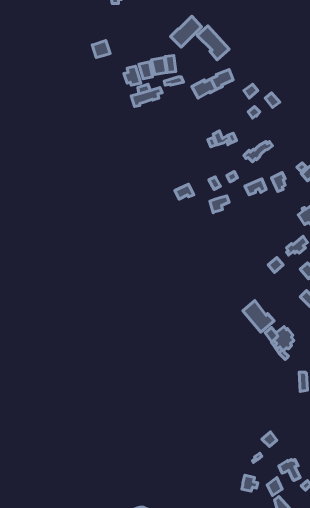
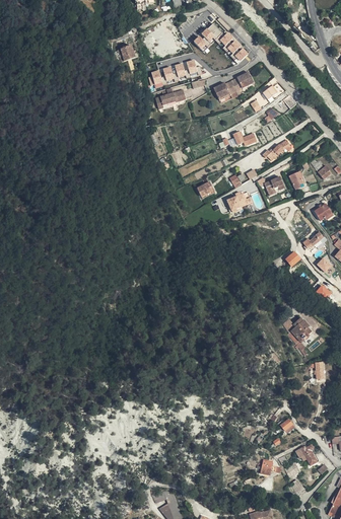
building: [243,300,274,332] -> none

